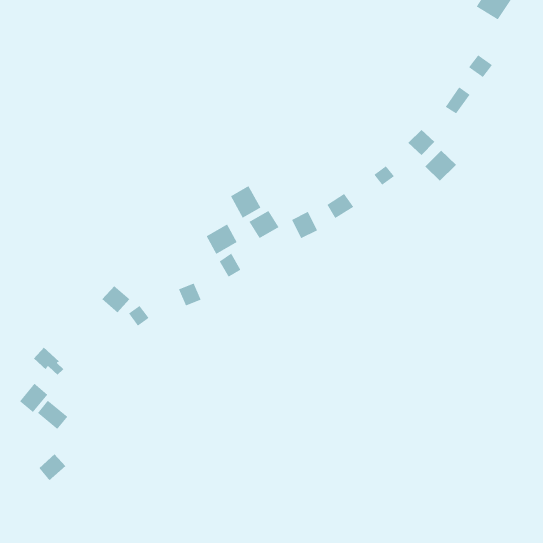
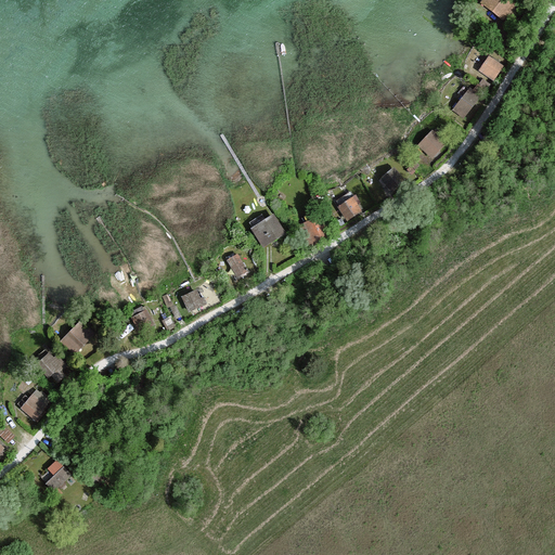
building: [424,150,457,182] -> none
building: [230,185,261,218] -> none
building: [206,223,237,255] -> none
building: [101,285,130,313] -> [62,324,91,352]
building: [37,400,68,430] -> none

